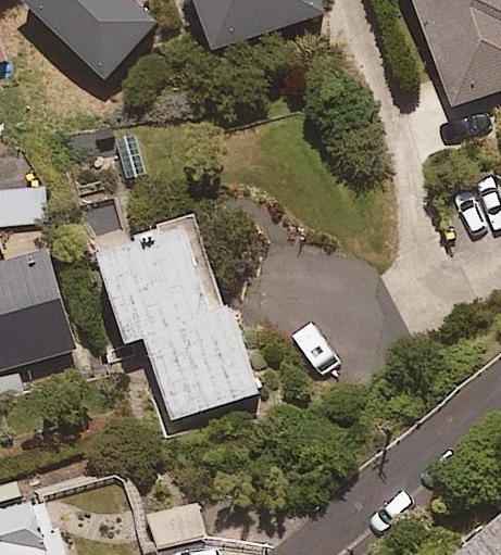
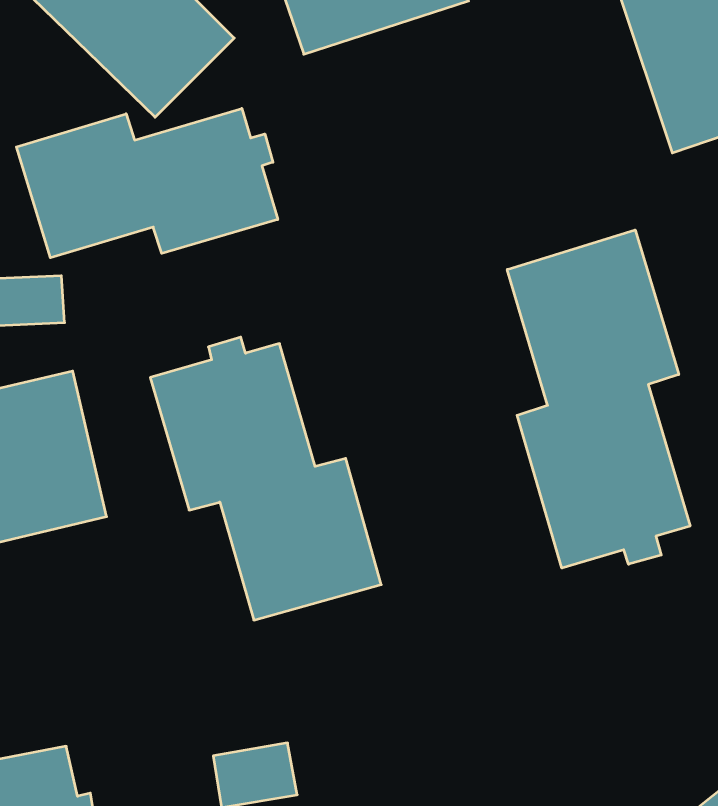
building: none -> [16,108,278,258]
building: none -> [507,230,690,568]

